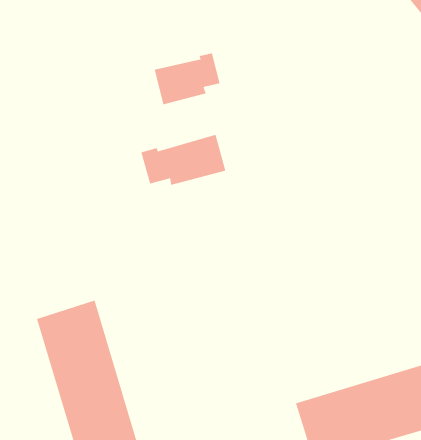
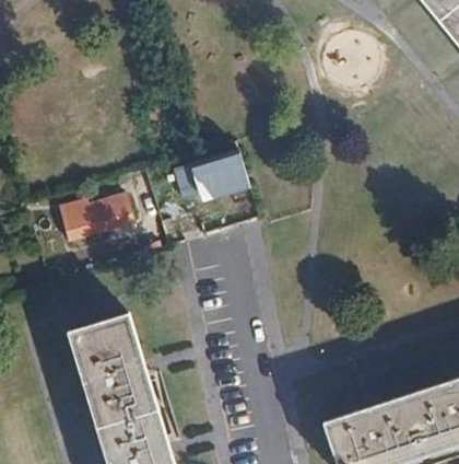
building: [154,52,220,105] -> none
building: none -> [59,195,151,243]

